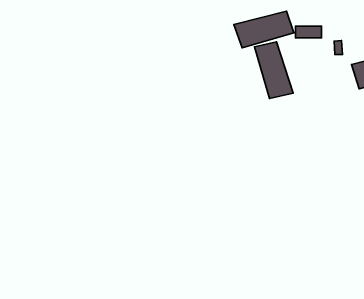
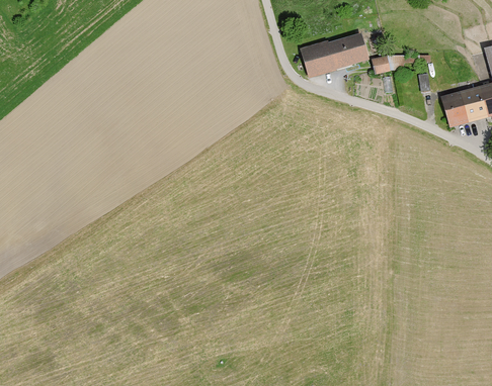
building: [255,42,293,98] -> none

